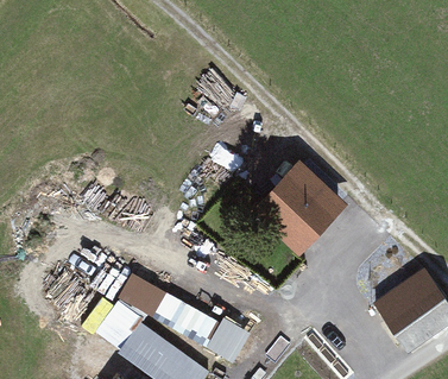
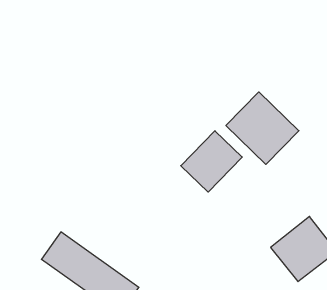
building: none -> [226,92,299,164]
building: [118,267,251,360] -> none

